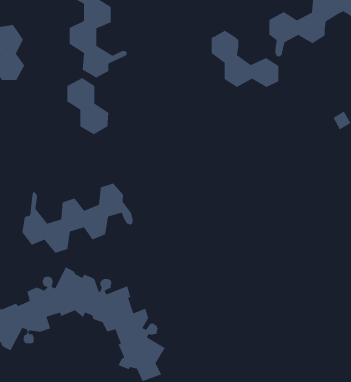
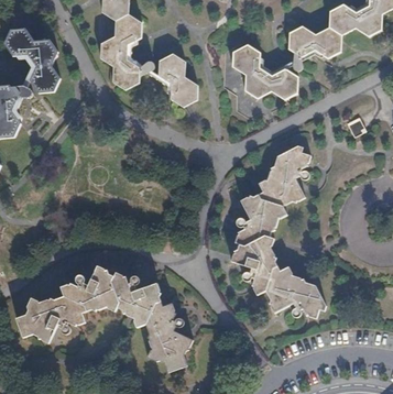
building: [67,77,109,135] -> [157,53,197,107]
building: none -> [229,146,325,319]
building: [22,183,134,254] -> none

